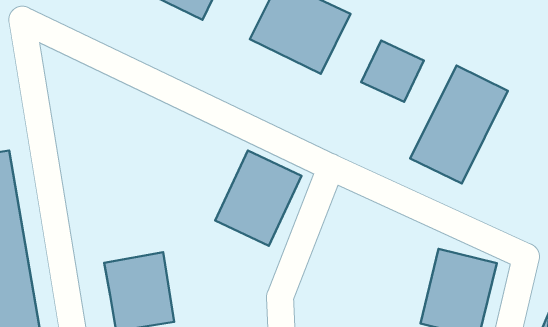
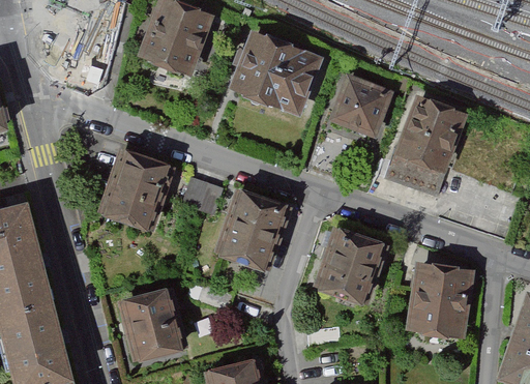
building: none -> [97,147,172,230]
building: none -> [179,180,227,219]
building: none -> [320,225,388,303]

